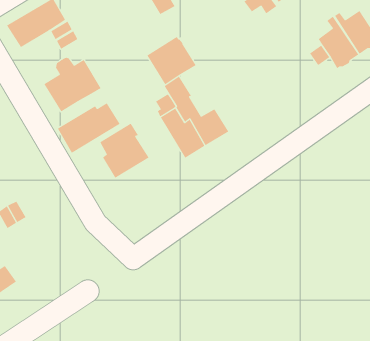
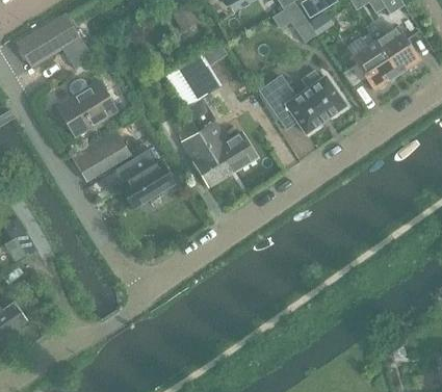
building: none -> [260,71,345,133]

